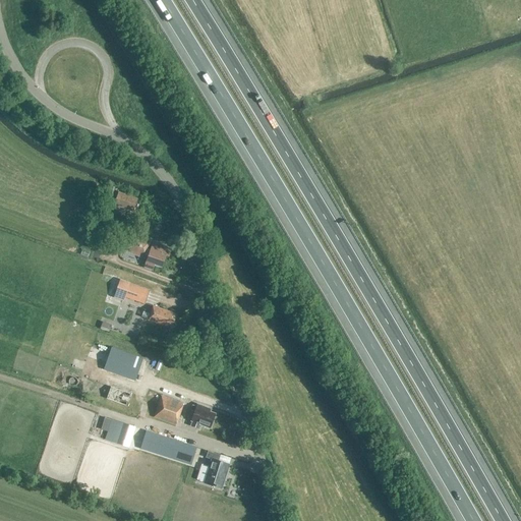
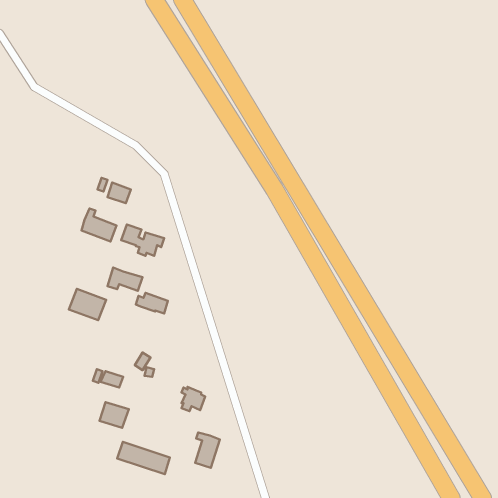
building: none -> [81,208,117,241]
building: [103,347,141,380] -> [69,289,106,320]
building: [153,395,182,424] -> none
building: [139,430,194,464] -> [117,442,170,474]

